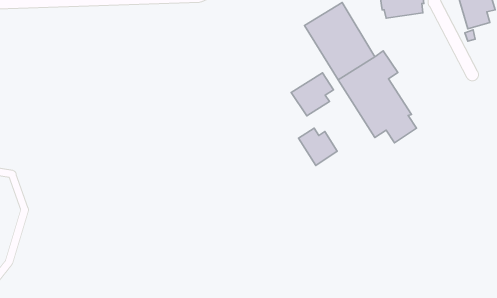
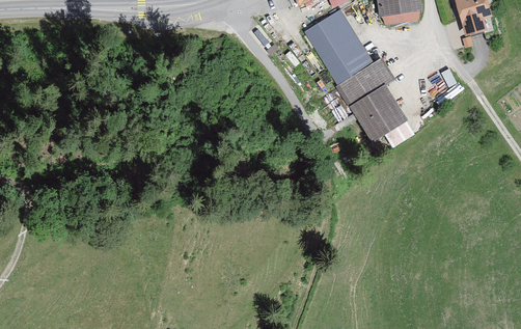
building: [291,73,334,116] -> none
building: [299,128,337,165] -> none

